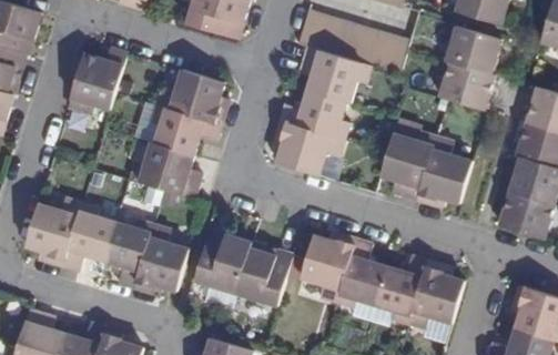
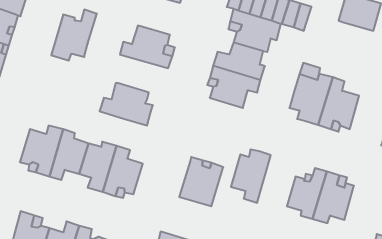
building: [439,63,495,111] -> none
building: [152,105,221,155] -> none
building: [192,227,250,292] -> none
building: [337,237,387,306] -> none

